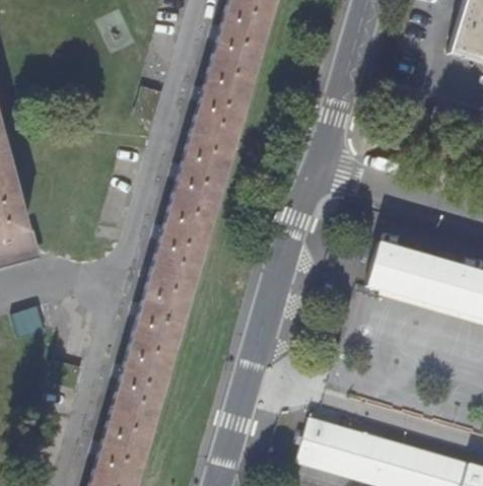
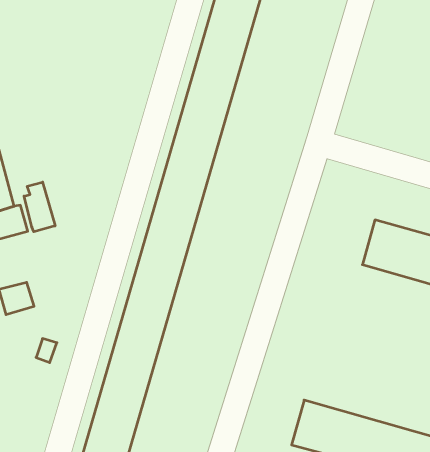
building: none -> [24,182,55,232]

